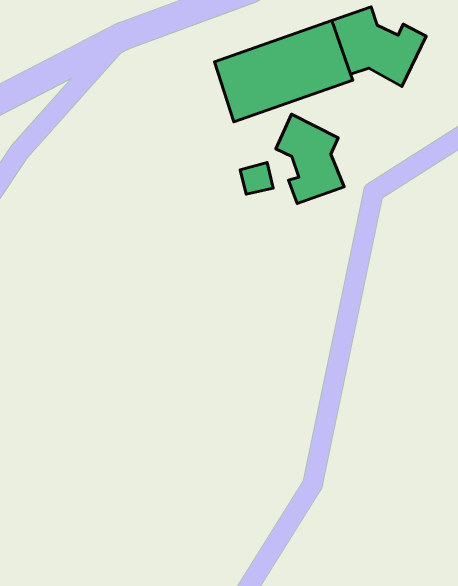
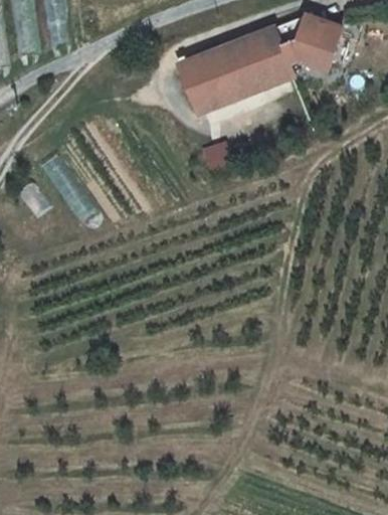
building: [276,114,344,203] -> none

